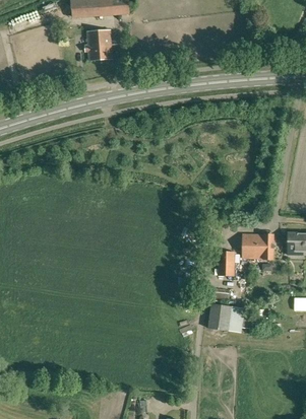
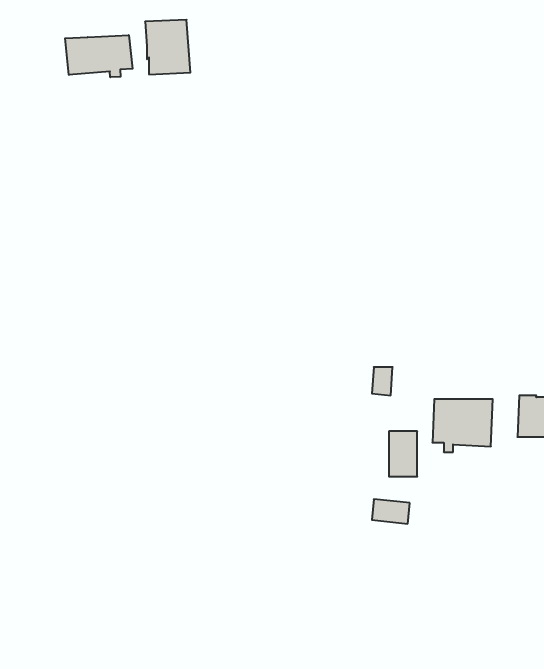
building: none -> [65,35,133,77]
building: [208,303,242,332] -> none

